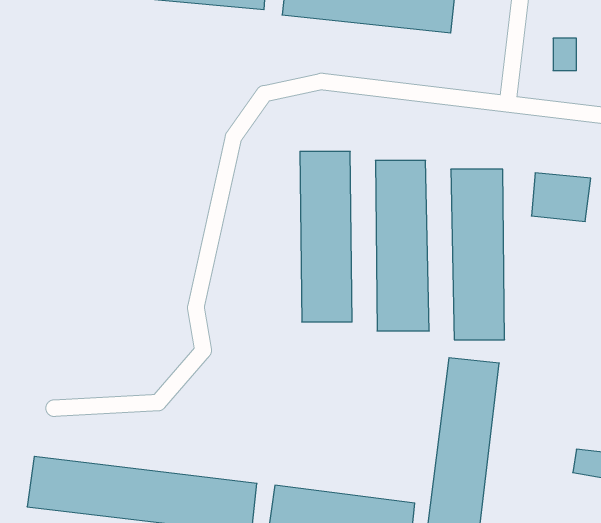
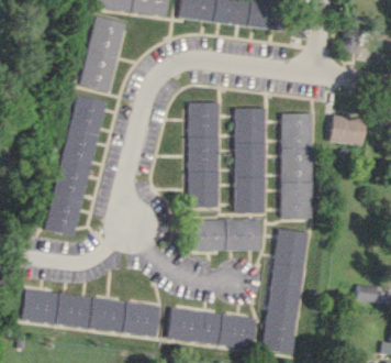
building: none -> [77,17,123,91]
building: none -> [45,95,102,237]
building: none -> [193,219,260,251]

